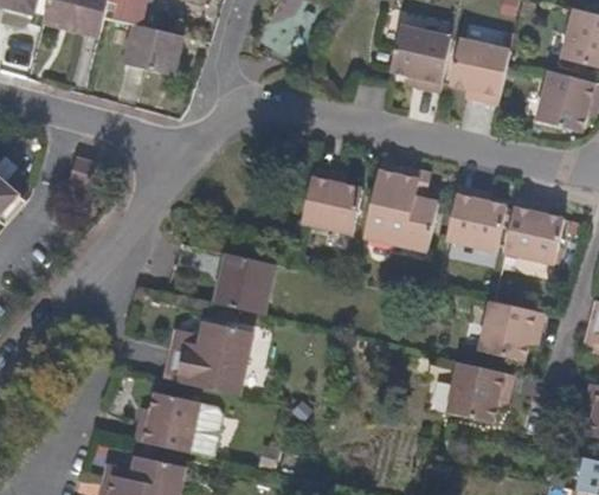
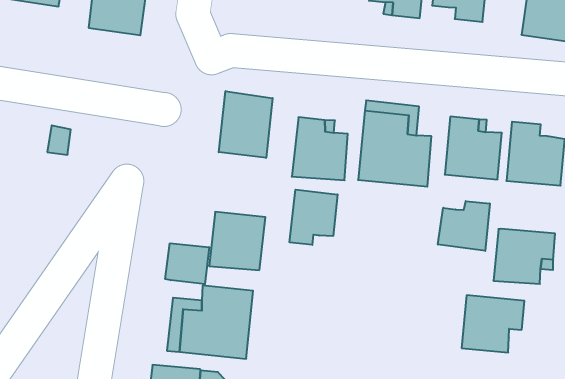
building: none -> [219,91,273,158]
building: none -> [290,190,338,245]
building: none -> [438,201,490,251]
building: none -> [165,243,209,284]

